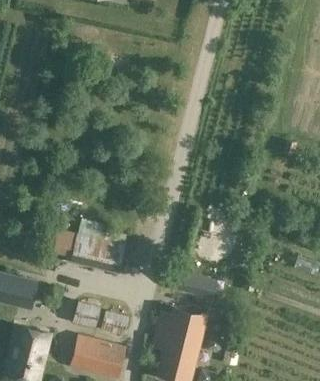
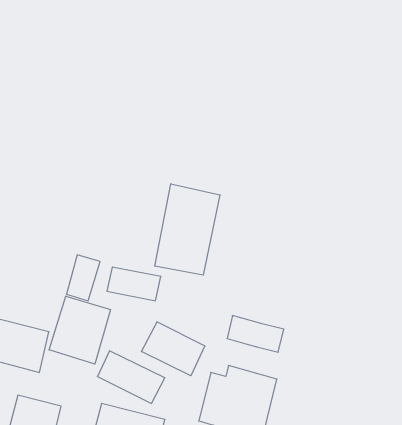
building: none -> [155,184,220,275]
building: none -> [49,296,110,364]
building: none -> [141,322,205,376]

